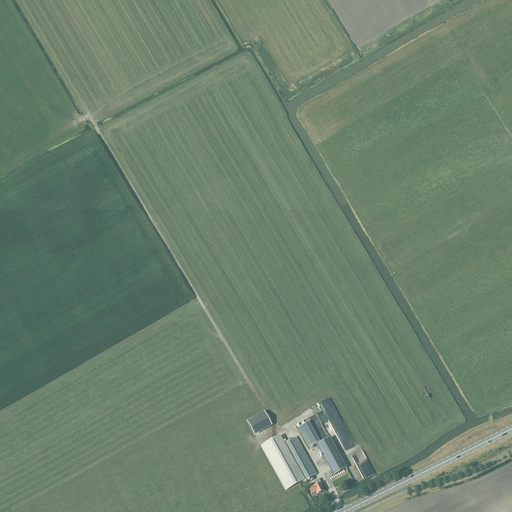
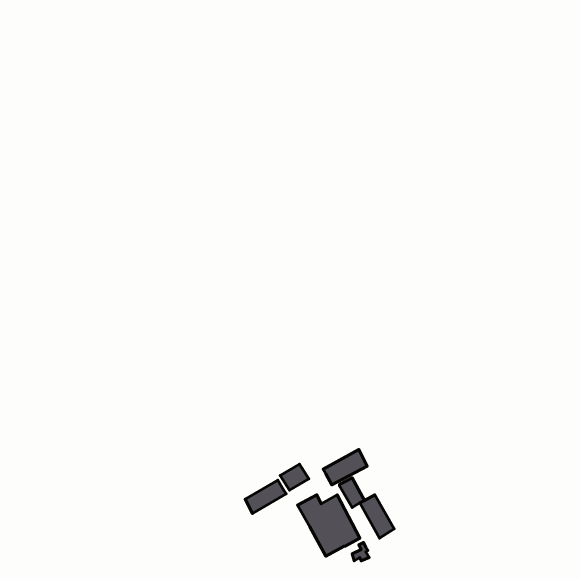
building: none -> [323,449,367,485]
building: none -> [245,480,286,514]

